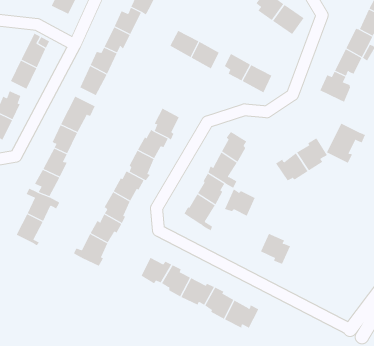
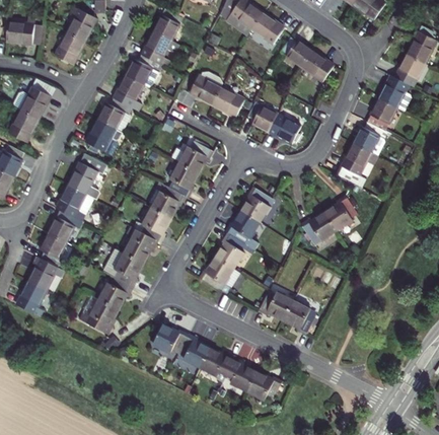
building: none -> [178,140,213,171]
building: [326,123,366,164] -> [335,142,378,187]
building: [224,189,256,216] -> [261,288,295,318]

